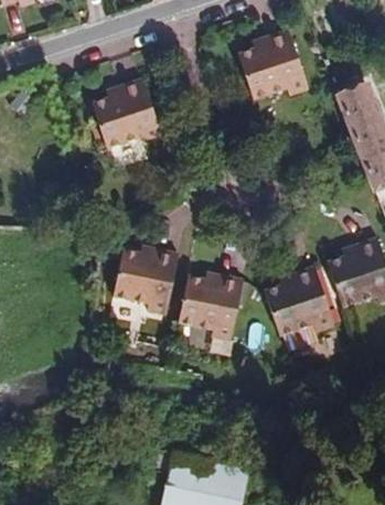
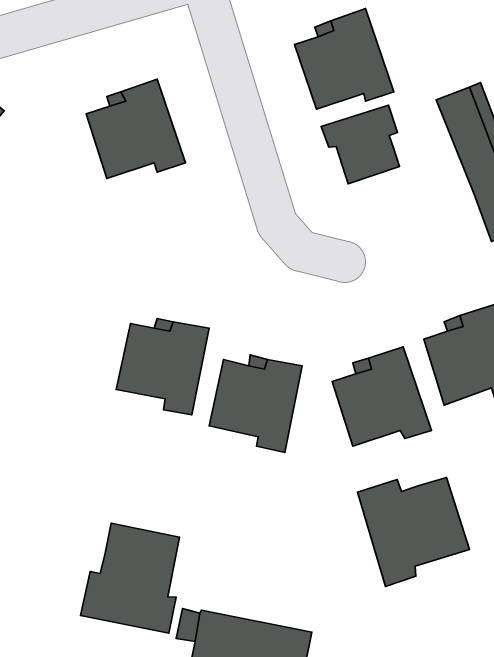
building: none -> [321,105,400,184]
building: none -> [358,477,470,587]
building: none -> [81,523,180,633]

